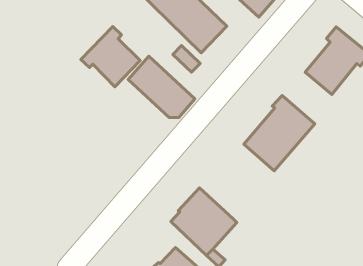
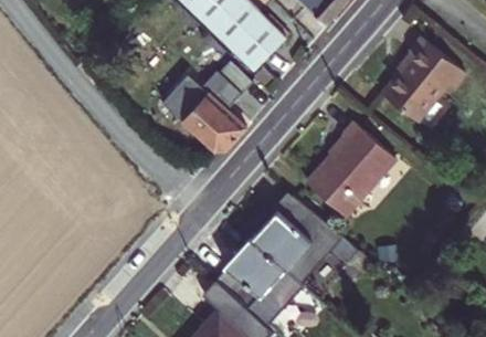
building: [81,27,140,87] -> none
building: none -> [251,196,344,277]

